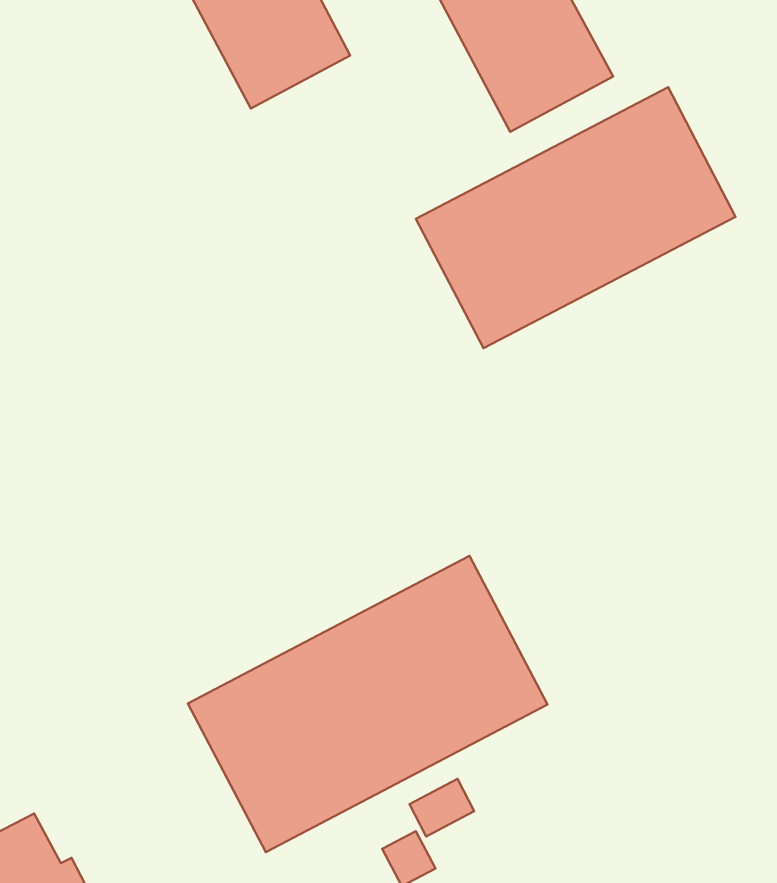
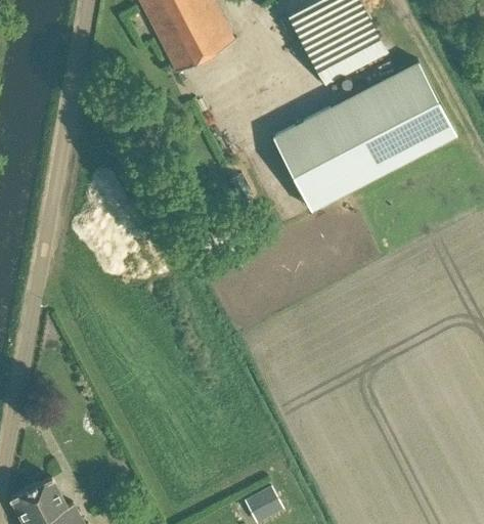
building: [188,556,548,852] -> none
building: [409,779,474,836] -> none

